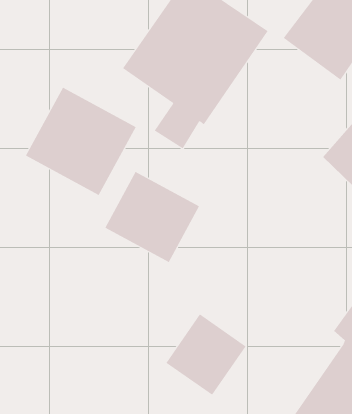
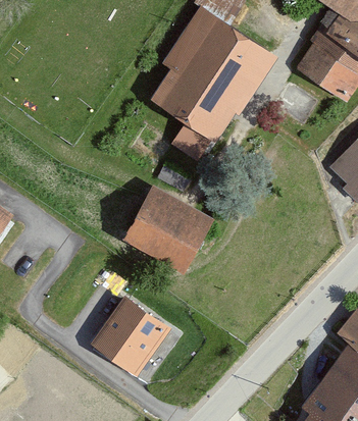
building: [25,87,137,196] -> none
building: [165,314,246,396] -> [96,298,171,374]

